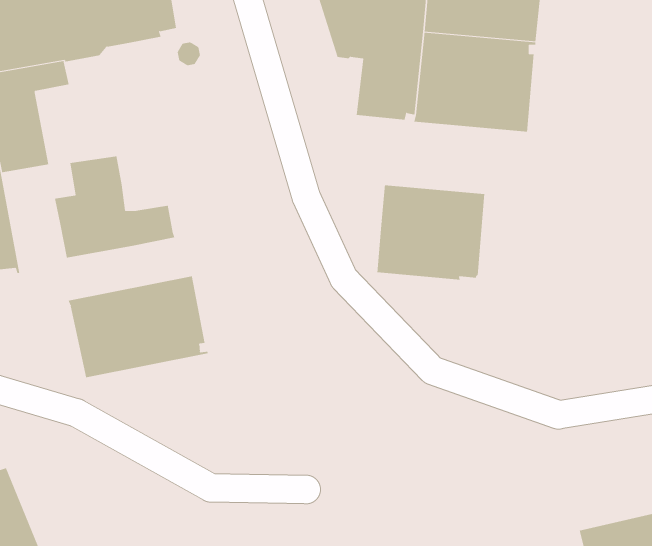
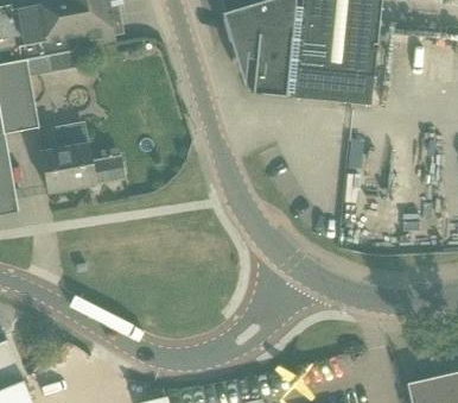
building: [377,184,485,281] -> none
building: [68,275,208,378] -> none

